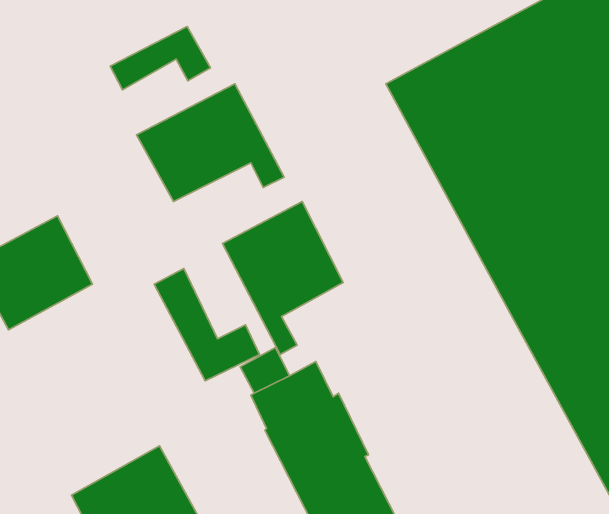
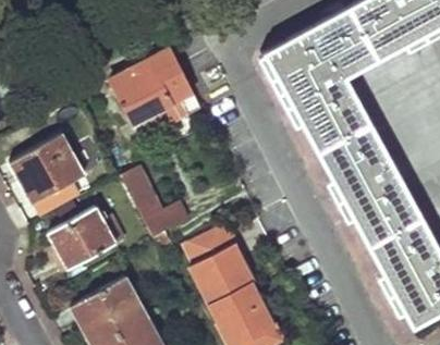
building: [110,26,211,90] -> none
building: [223,201,343,355] -> none
building: none -> [47,208,124,271]

